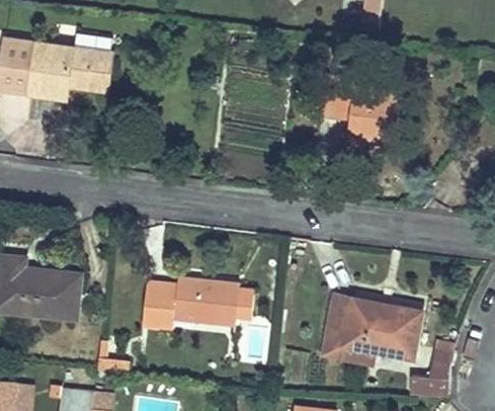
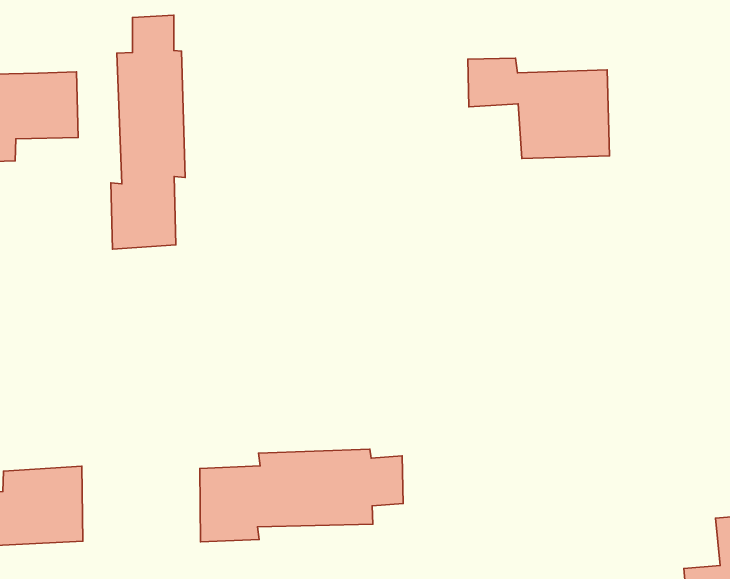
building: none -> [111,15,185,249]
building: [321,295,419,358] -> none

